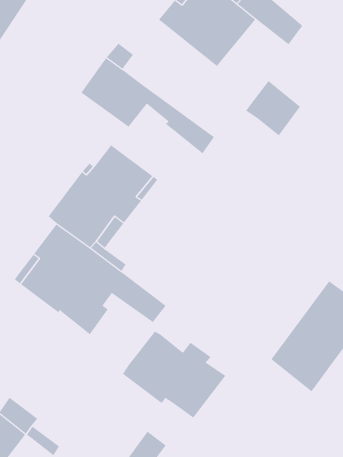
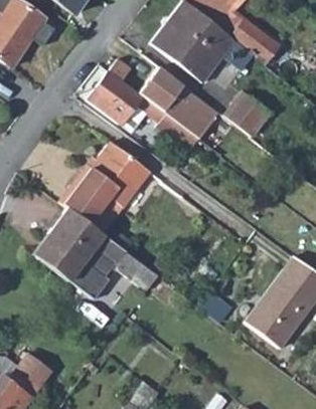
building: none -> [140,66,220,139]
building: [122,331,226,418] -> none

